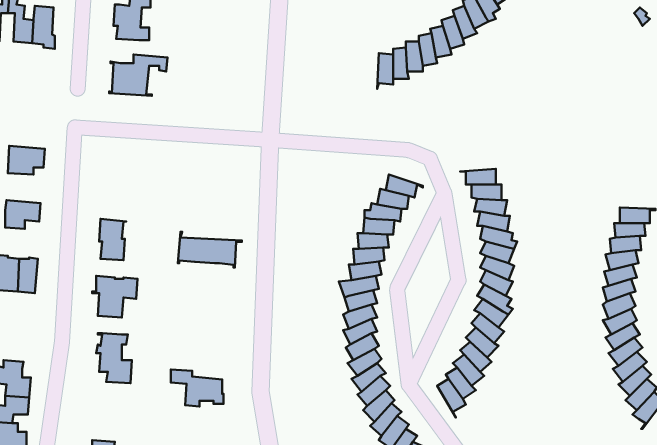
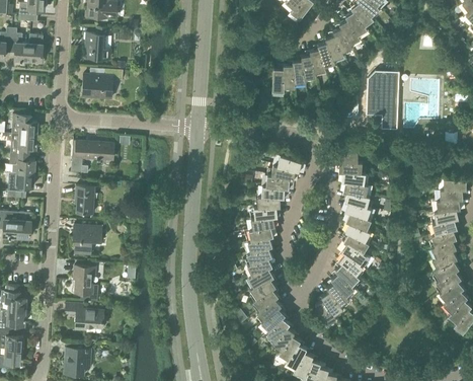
building: none -> [366,71,400,130]
building: none -> [11,115,37,136]
building: none -> [9,153,34,174]
building: [178,232,242,268] -> [71,137,116,162]
building: [171,369,224,407] -> [66,305,103,331]

